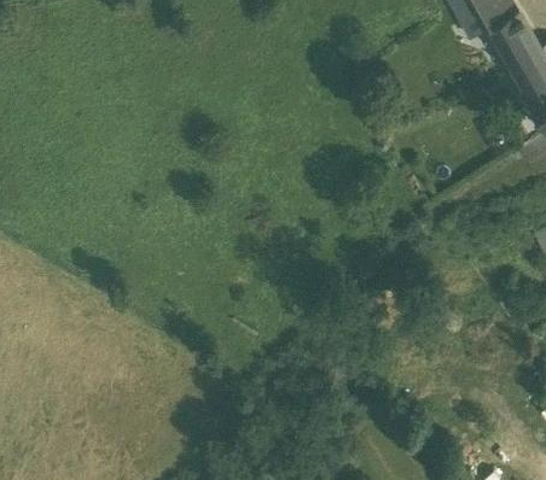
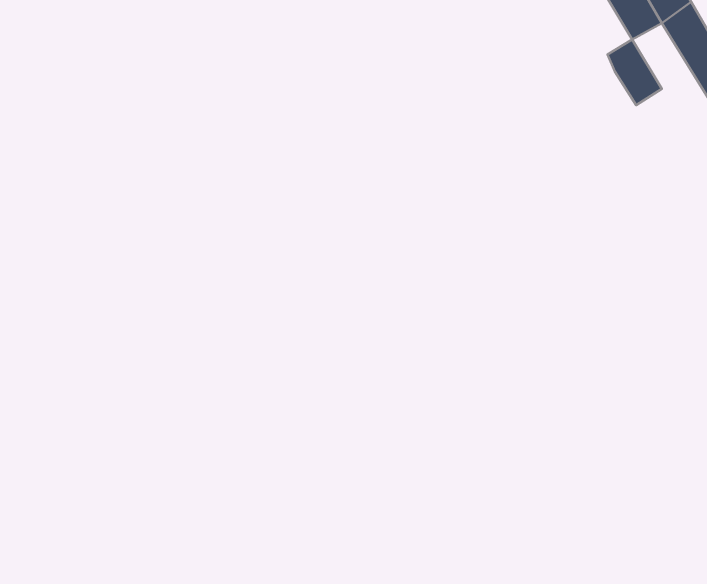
building: none -> [607,39,662,105]

